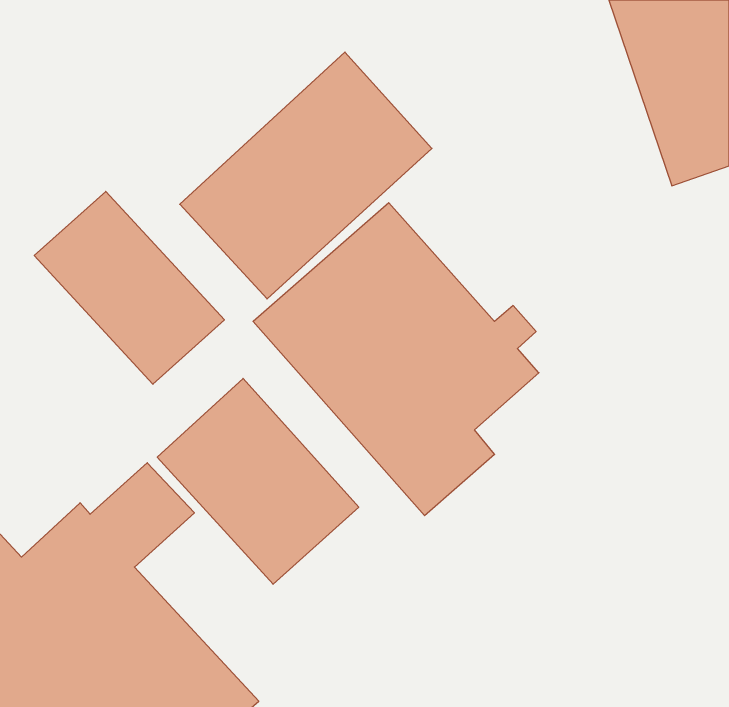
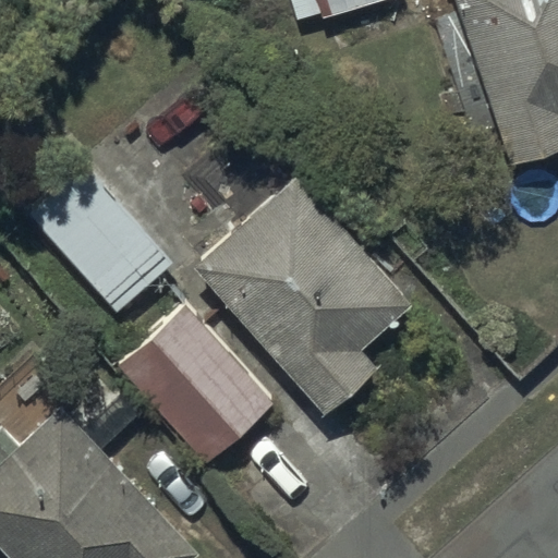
building: [180,52,432,299] -> none

